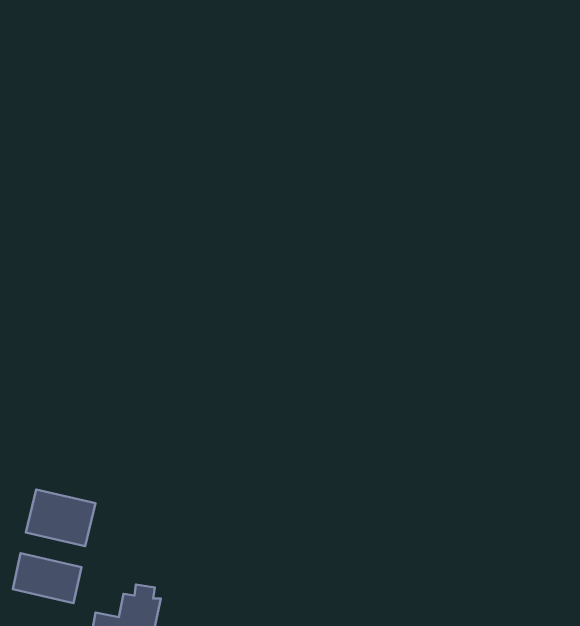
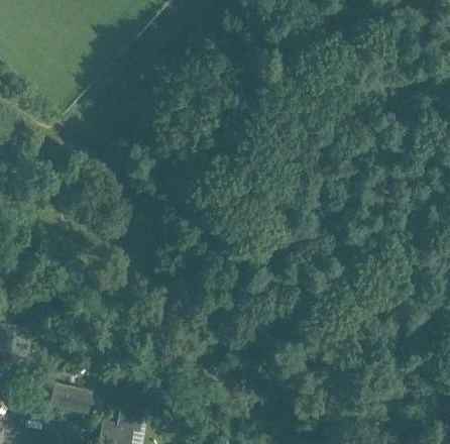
building: [26,490,96,546] -> none

